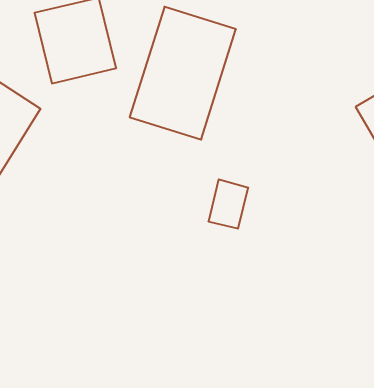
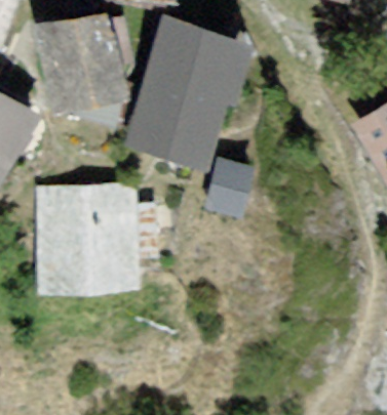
building: none -> [35,185,131,286]

